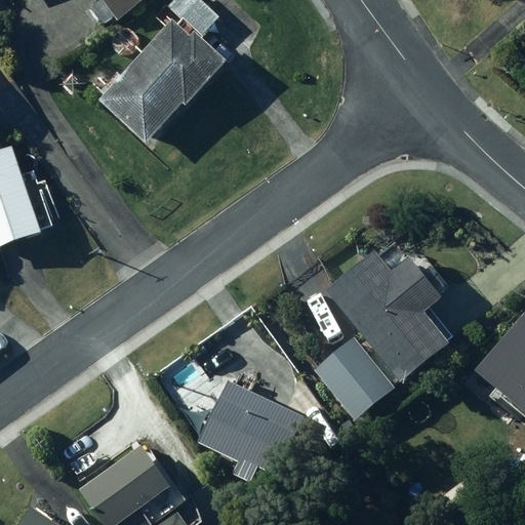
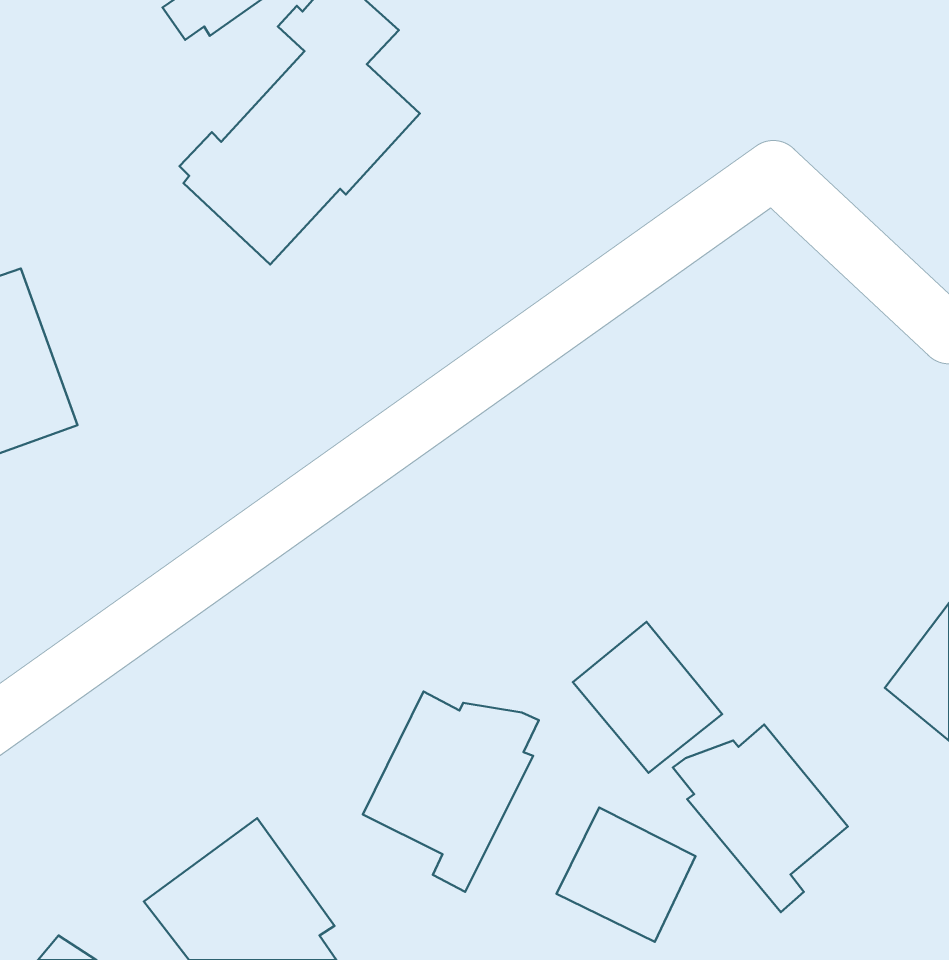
building: [330,254,451,383] -> none
building: none -> [673,724,848,912]
building: none -> [557,808,696,942]

